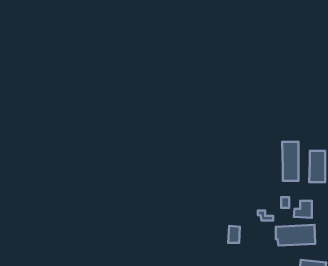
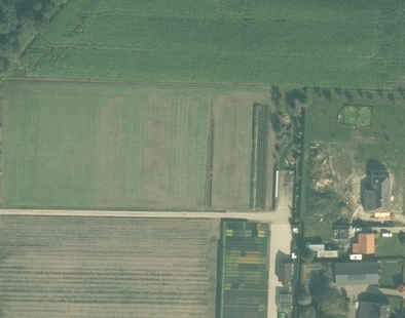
building: [282,142,298,181] -> none

